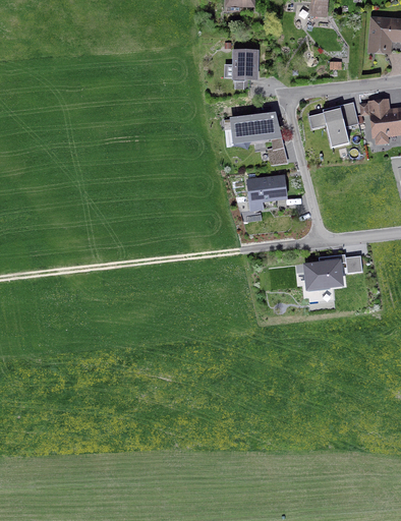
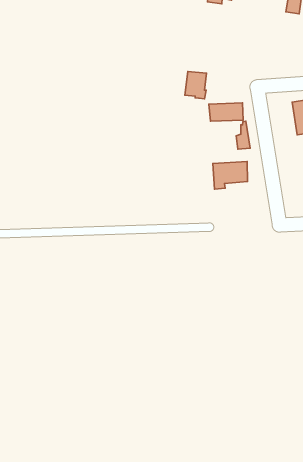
building: [233,52,255,79] -> [185,72,207,99]
building: [307,259,343,284] -> none

